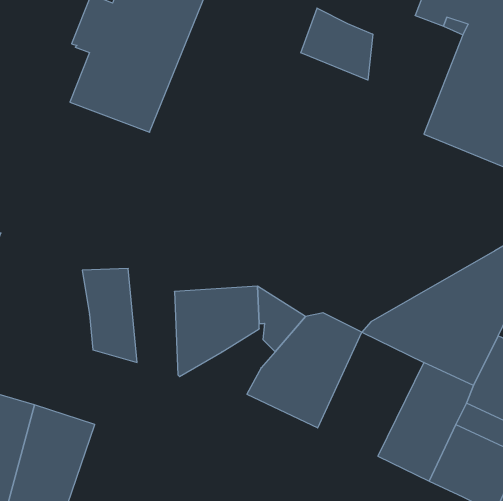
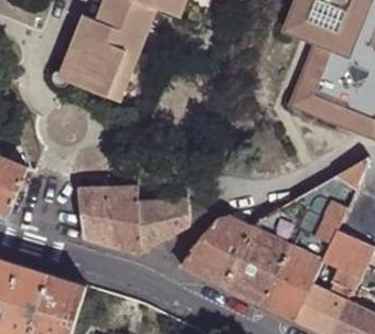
building: [301,8,373,80] -> none
building: none -> [106,186,137,254]
building: none -> [224,227,290,304]

